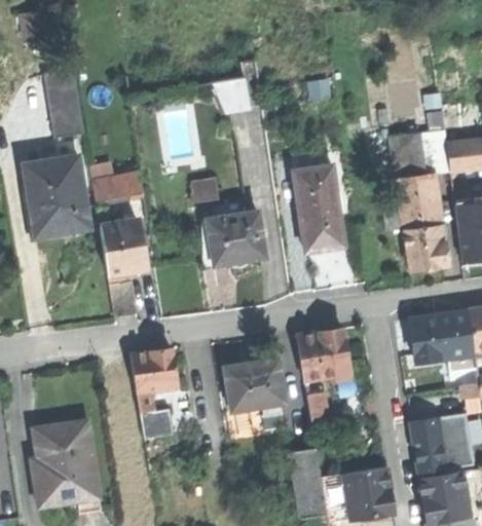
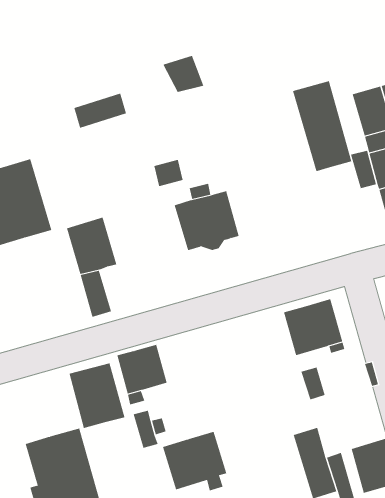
building: [295,164,343,250] -> [292,80,352,172]
building: [92,172,143,200] -> [73,93,127,128]
building: [226,360,285,416] -> [162,431,227,491]
building: none -> [69,362,125,429]

